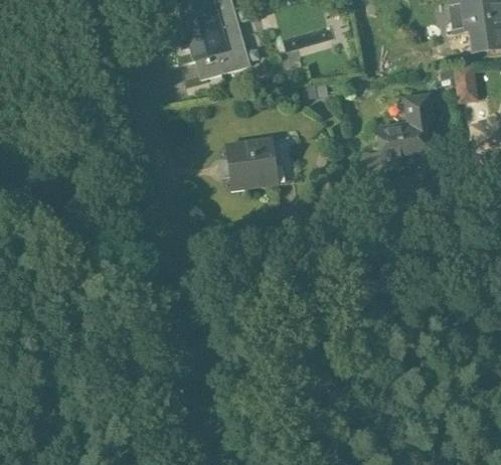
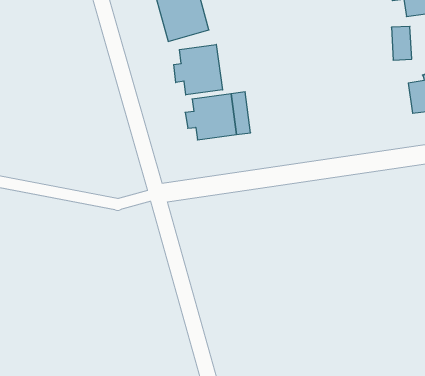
building: none -> [174,44,223,95]
building: [364,96,432,178] -> none

